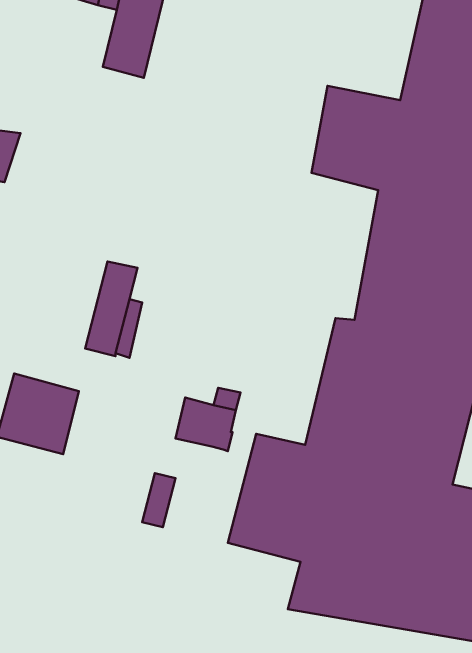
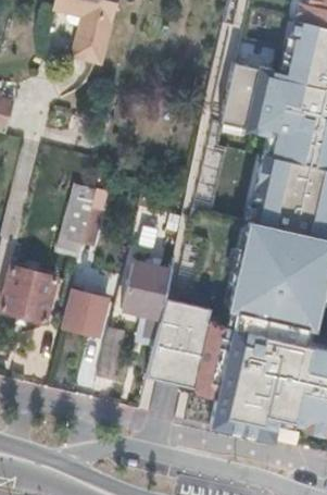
building: none -> [64,287,108,332]

